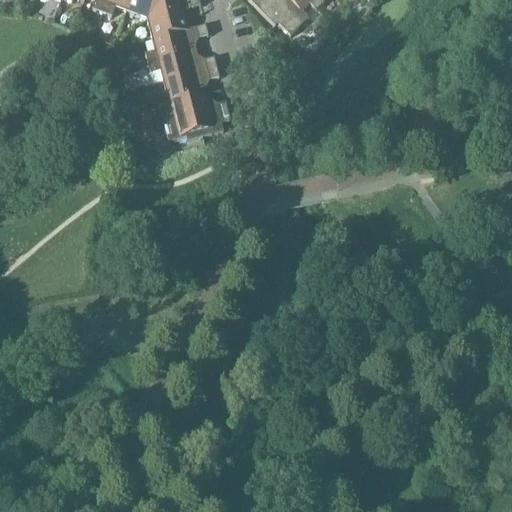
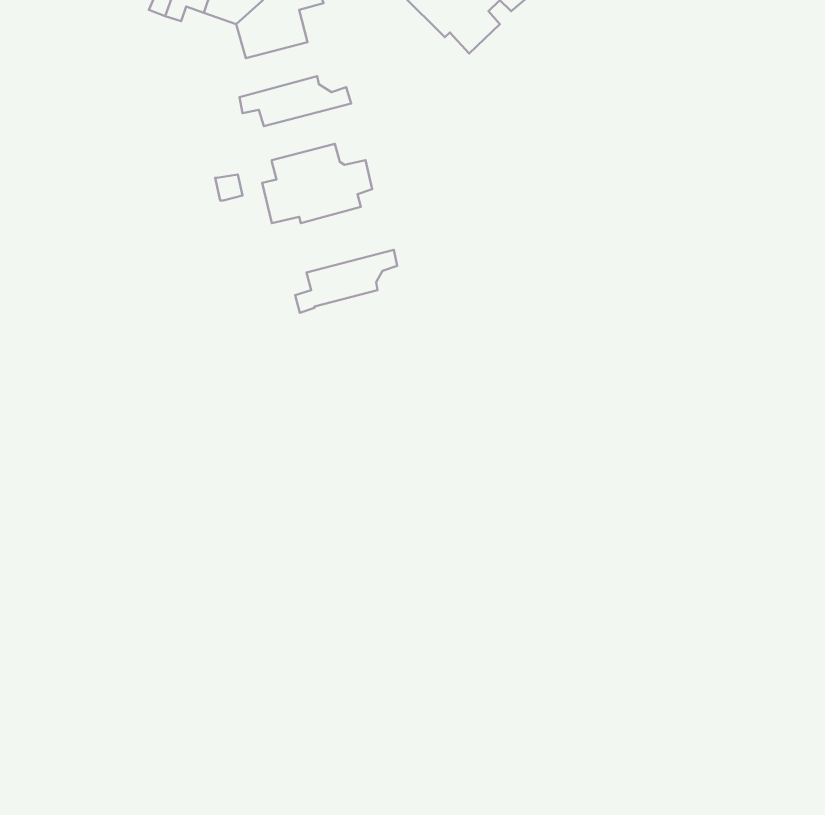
building: [146,22,209,60] -> none
building: [157,64,220,103] -> [295,250,397,313]

